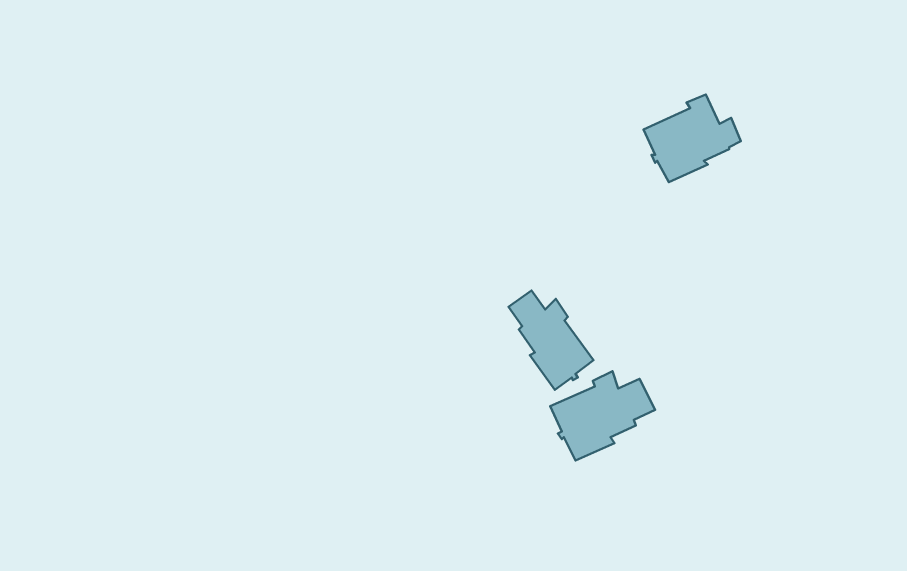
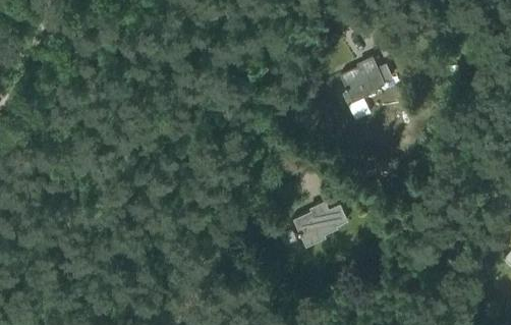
building: [509,290,593,390] -> none

